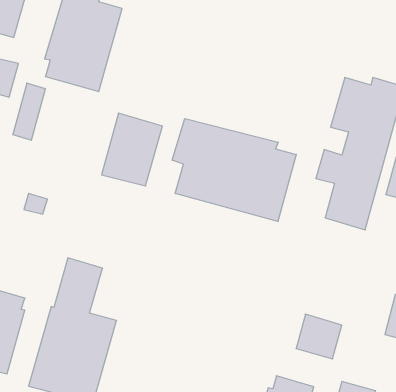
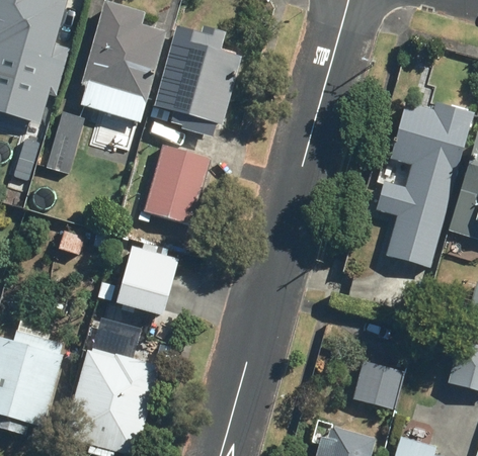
building: none -> [154,27,239,135]
building: [172,119,296,222] -> none
building: none -> [138,253,189,309]

